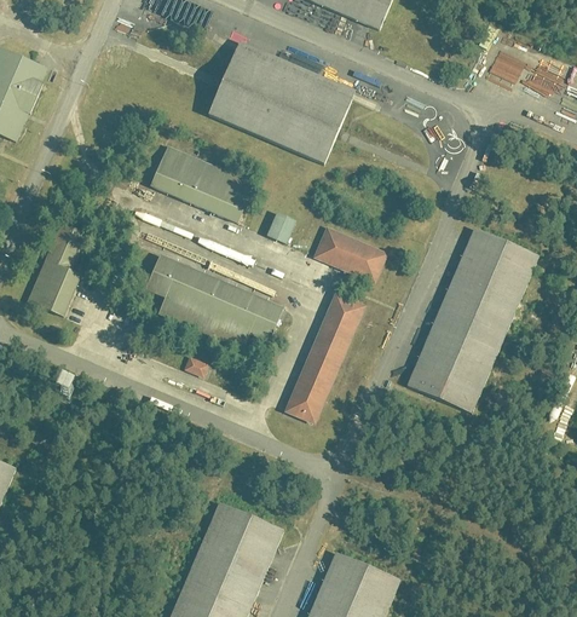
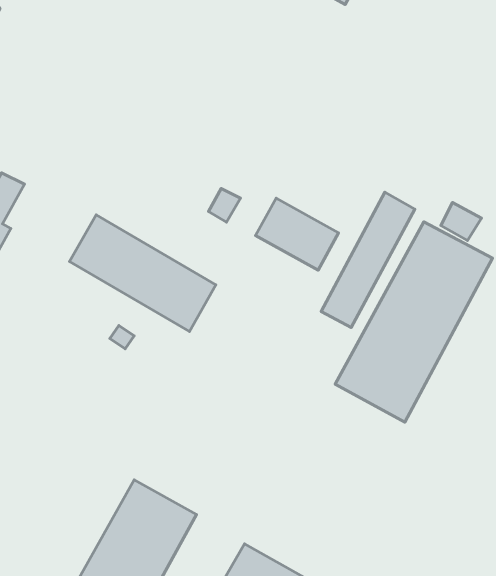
building: [206,44,352,161] -> none
building: [150,149,249,218] -> none
building: none -> [441,203,482,241]
building: [284,290,363,422] -> [321,192,415,327]

